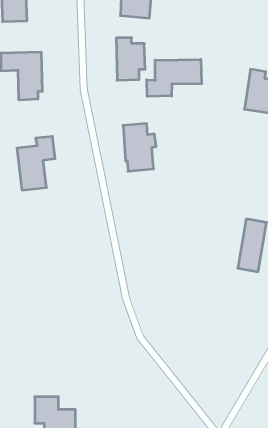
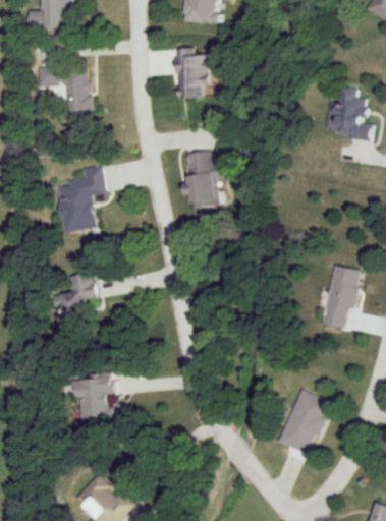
building: [147,59,202,96] -> none
building: none -> [58,274,94,315]
building: none -> [74,375,114,422]
building: none -> [278,388,330,453]

